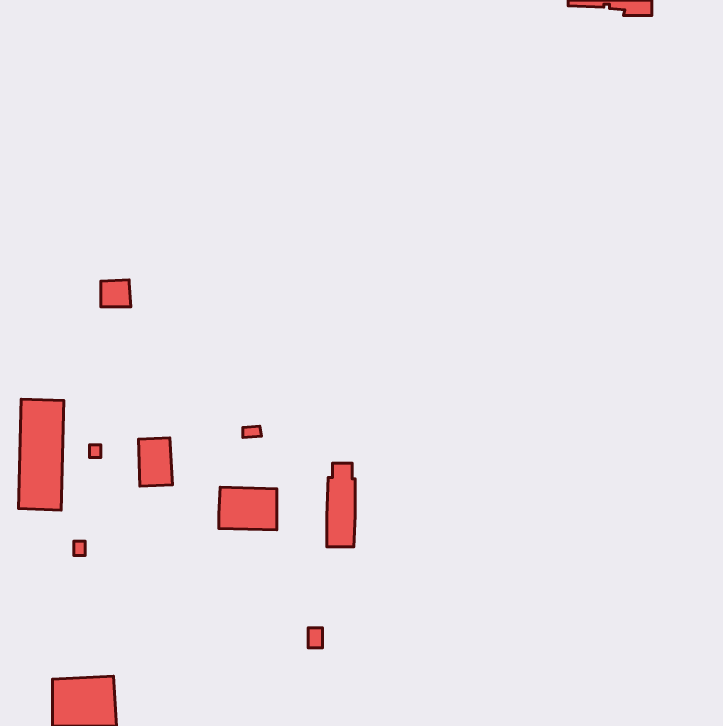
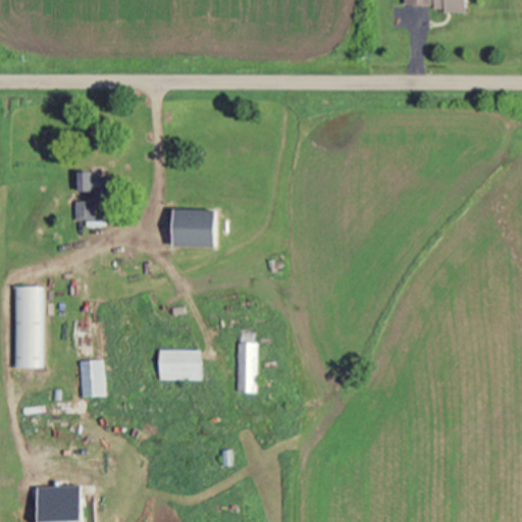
building: none -> [75,171,108,203]
building: none -> [174,210,217,246]
building: [138,438,173,486] -> [82,361,106,396]

